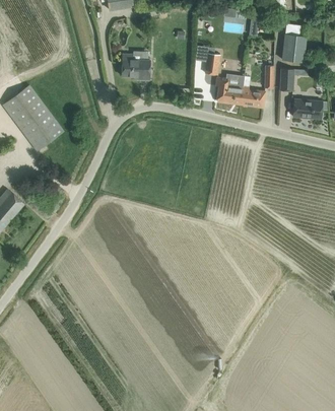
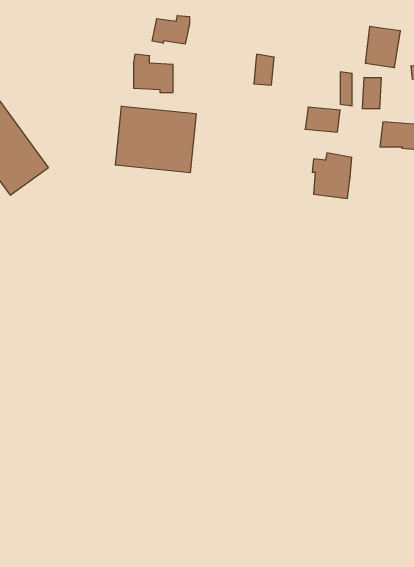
building: none -> [152,15,190,44]
building: [216,73,244,105] -> [312,153,352,198]
building: none -> [116,106,196,173]

